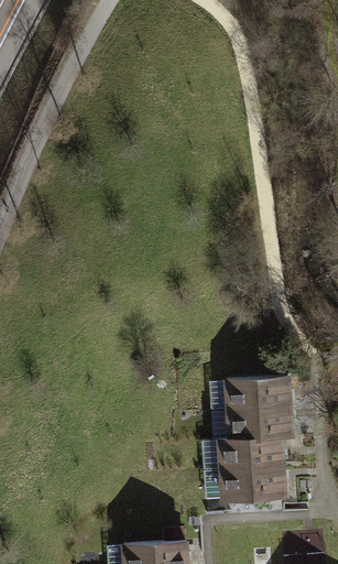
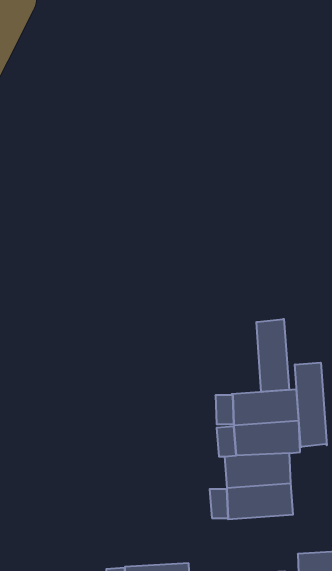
building: none -> [256,319,289,392]
building: none -> [295,363,327,447]

